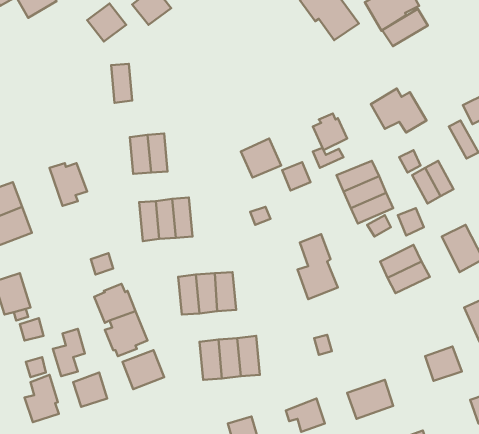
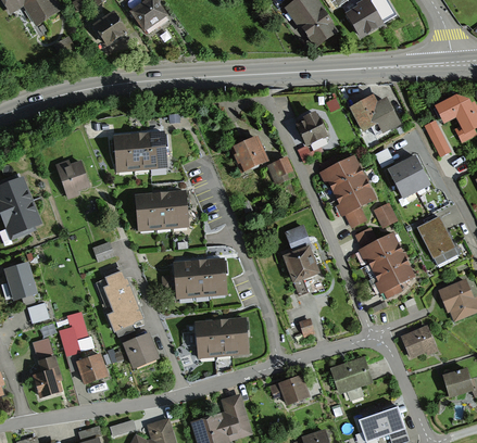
building: [382,9,428,46] -> none
building: [111,64,132,103] -> [113,136,133,172]
building: none -> [374,264,412,294]

